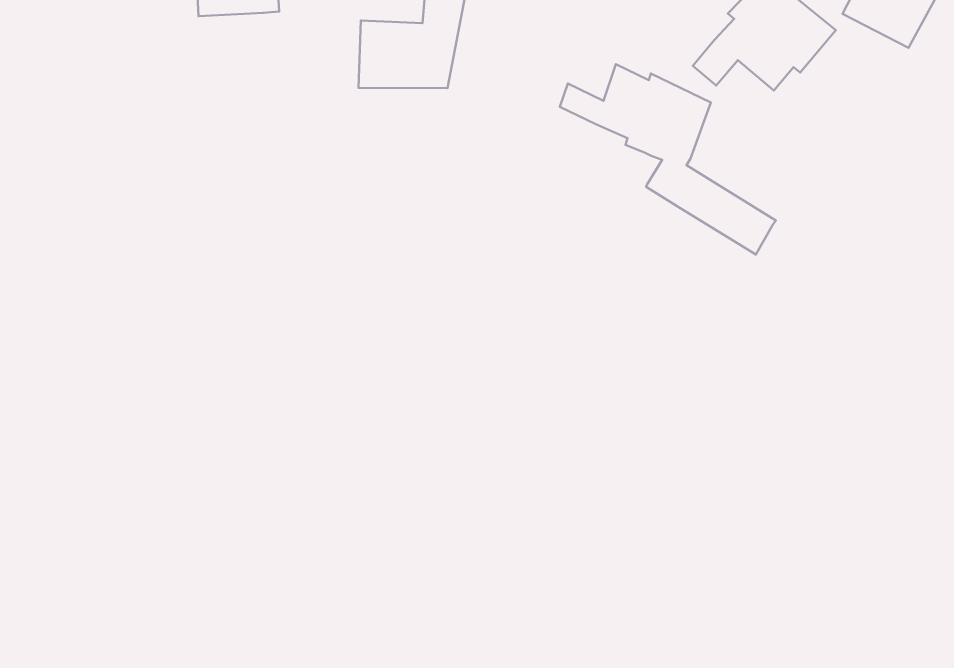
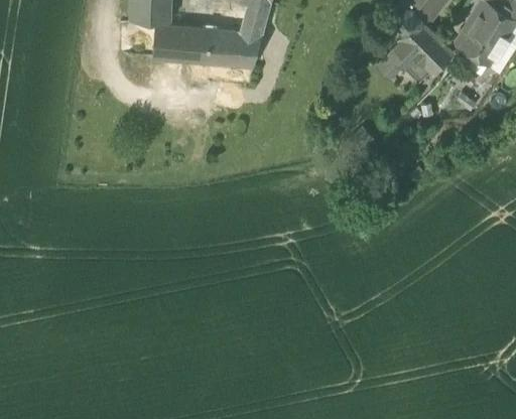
building: none -> [151,24,212,62]
building: [560,64,776,254] -> none

